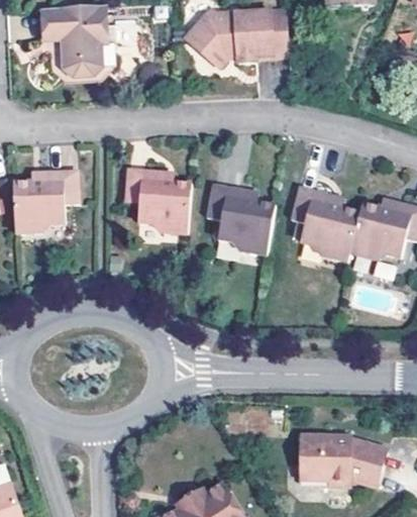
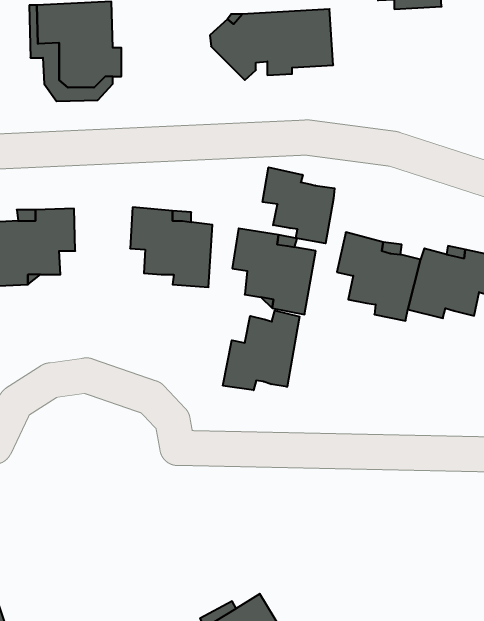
building: none -> [263,167,335,243]
building: none -> [223,311,300,390]
building: [304,433,392,484] -> none

